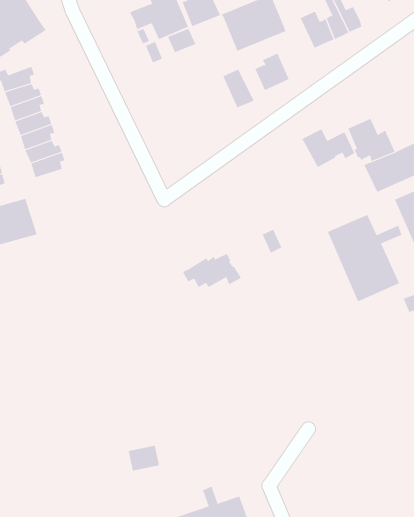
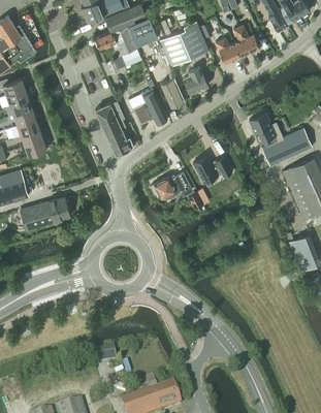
building: none -> [132,87,167,124]
building: none -> [95,100,133,154]
building: [301,129,355,168] -> [192,155,230,183]
building: [327,214,402,302] -> none
building: none -> [21,196,70,229]
building: [182,253,242,288] -> [150,172,192,197]

